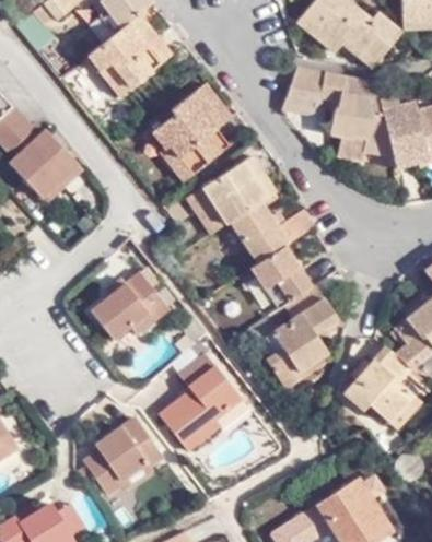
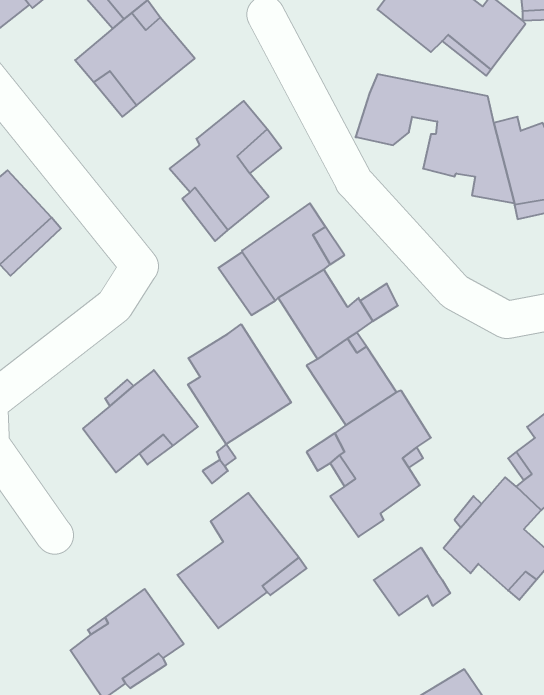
building: none -> [188,324,291,444]
building: none -> [374,548,450,616]

